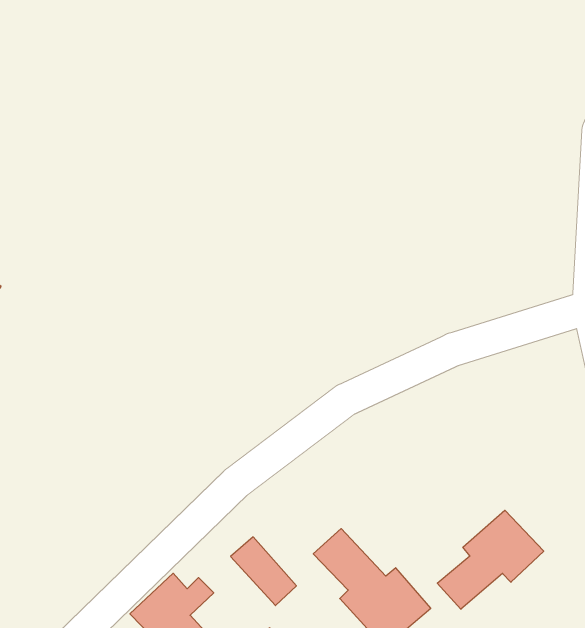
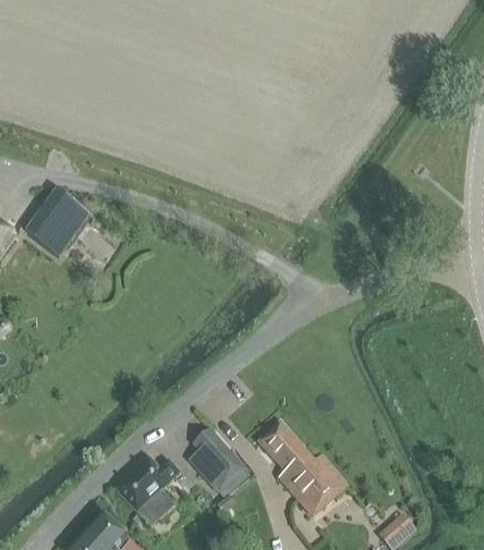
building: none -> [26,187,94,256]
building: [437,510,544,609] -> none

